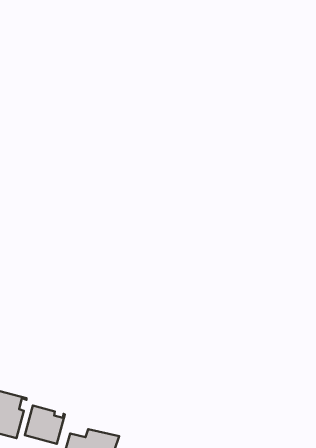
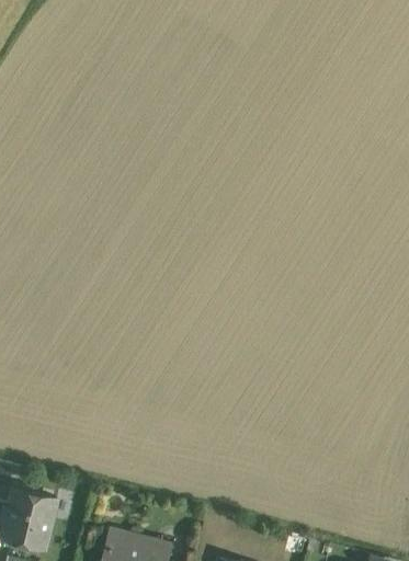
building: [25,406,65,444] -> none

